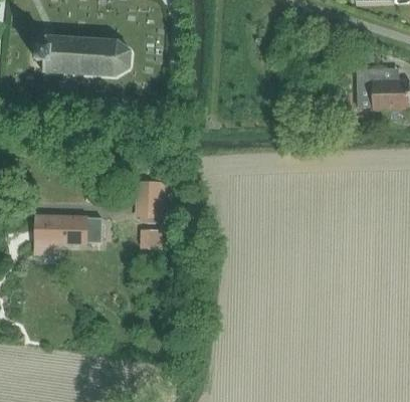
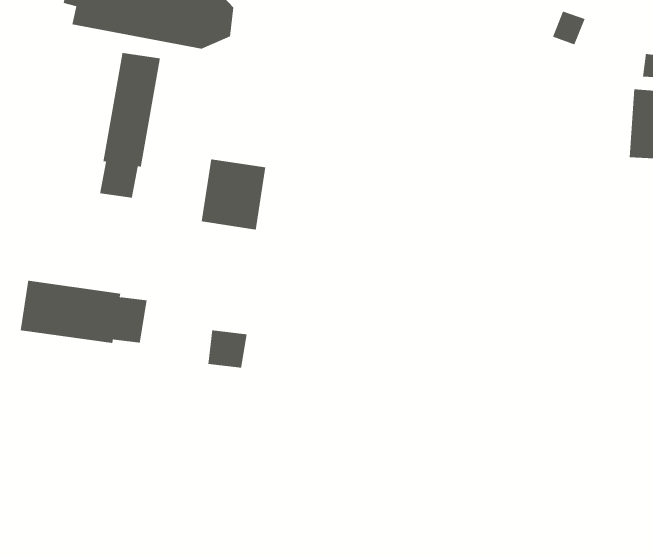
building: none -> [99,52,160,198]
building: [134,180,166,216] -> [201,159,266,230]

